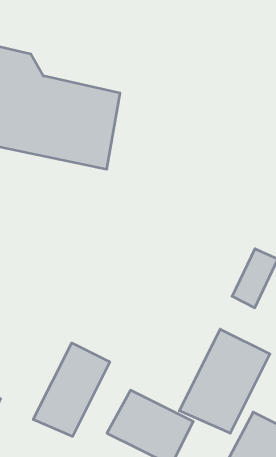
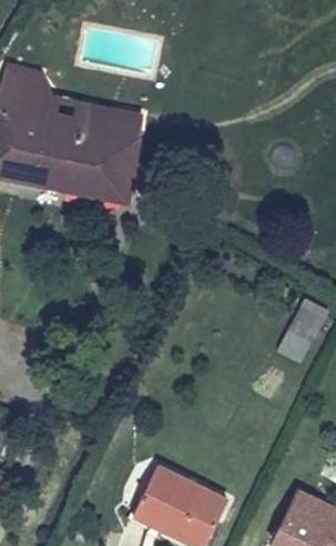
building: [179,329,270,433] -> none
building: [33,343,110,436] -> none

